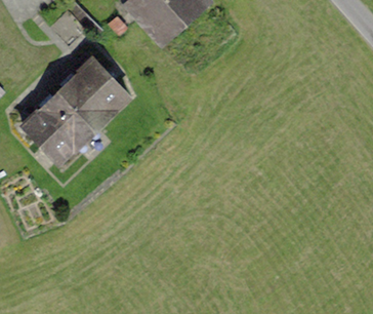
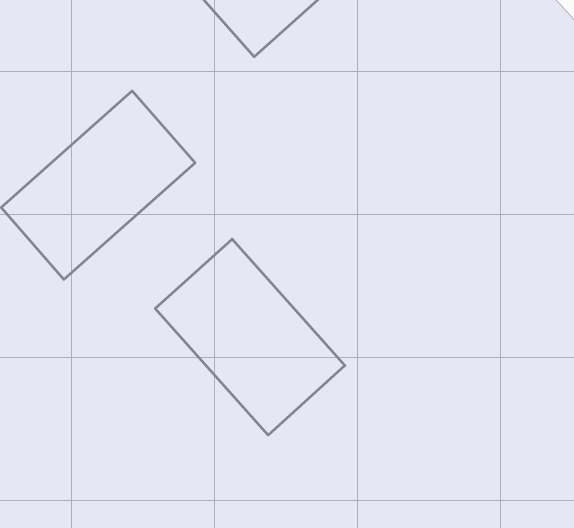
building: none -> [155,239,345,435]

